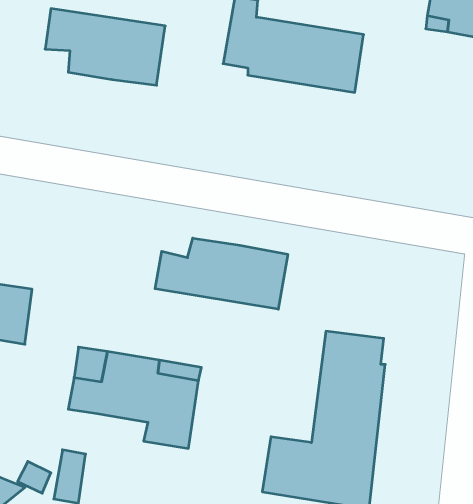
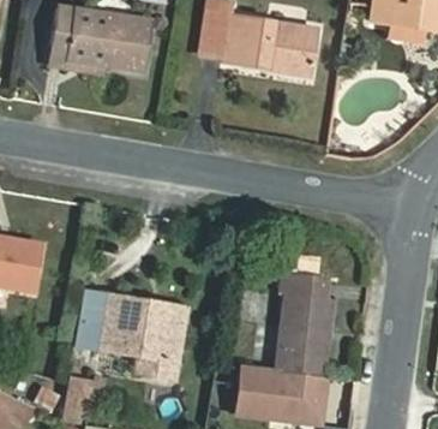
building: none -> [49,41,108,78]
building: [155,238,288,309] -> none

